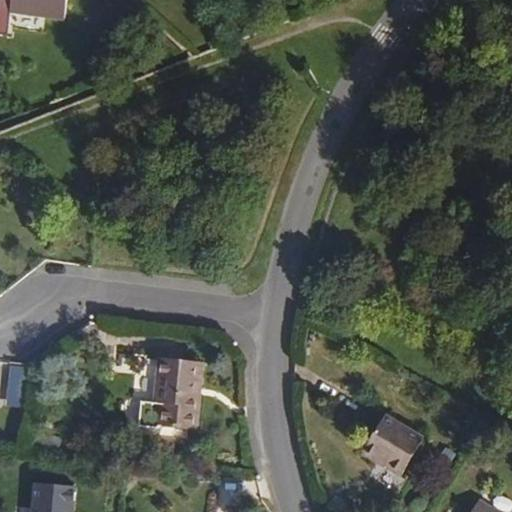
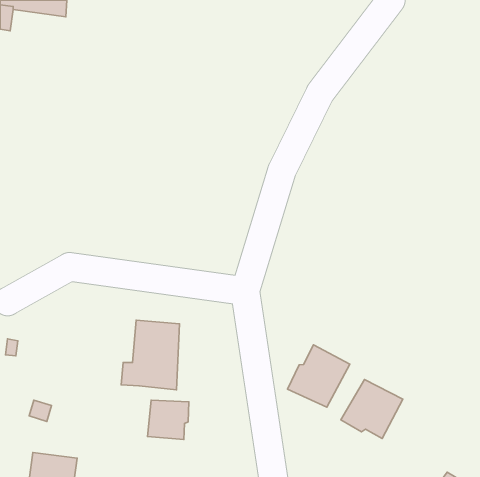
building: none -> [287,345,350,407]
building: none -> [148,400,189,440]

